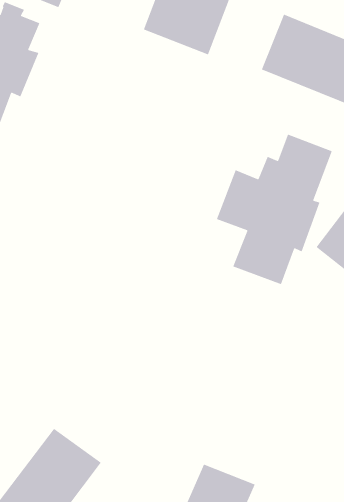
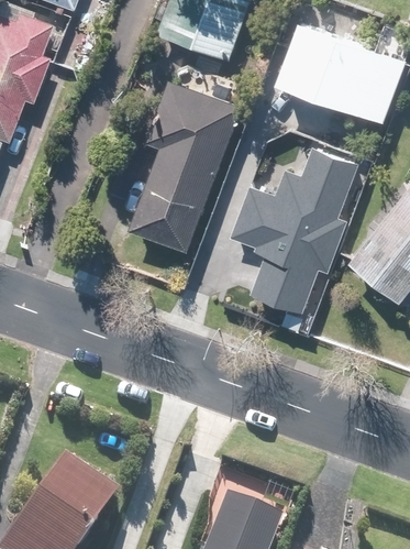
building: none -> [130,83,242,246]

